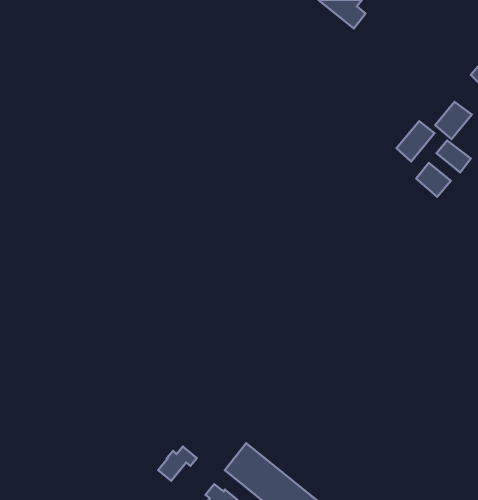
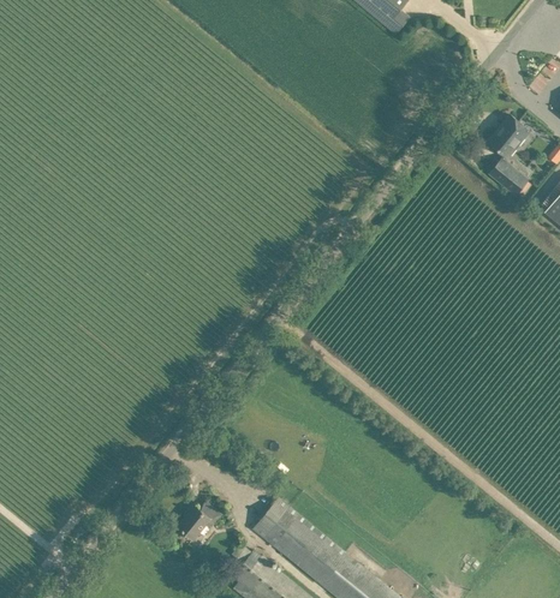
building: [397,121,434,161] -> none
building: [416,163,451,197] -> none

